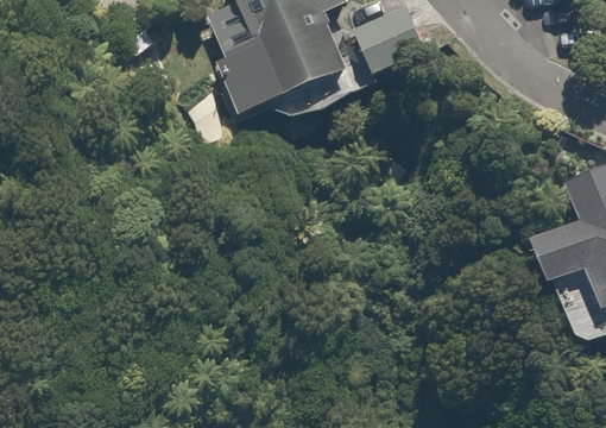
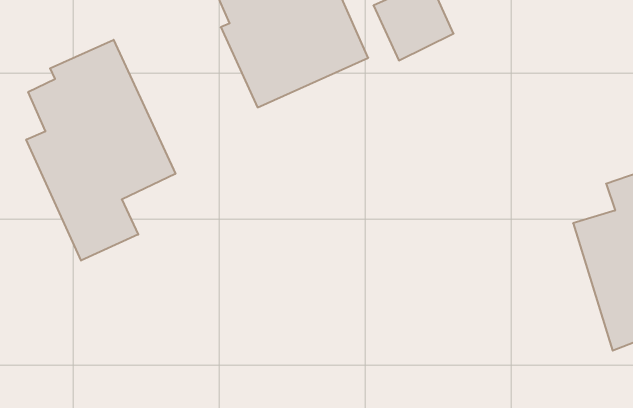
building: none -> [26,40,175,261]

